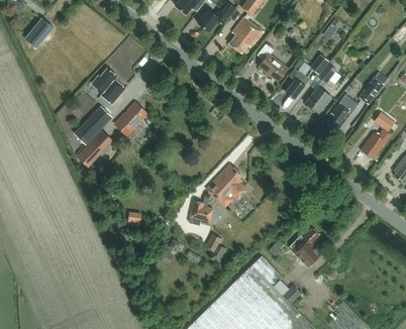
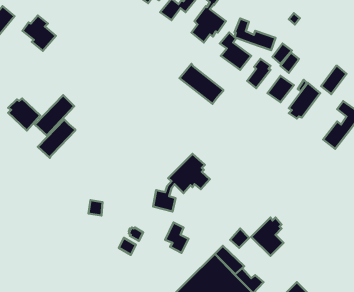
building: none -> [234,19,276,50]
building: [92,69,125,104] -> [23,16,56,51]
building: none -> [179,64,223,104]
building: [114,102,147,136] -> none
building: none -> [8,99,40,130]

